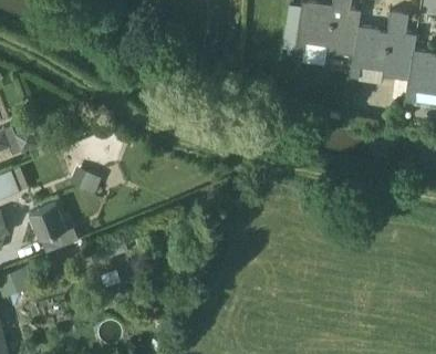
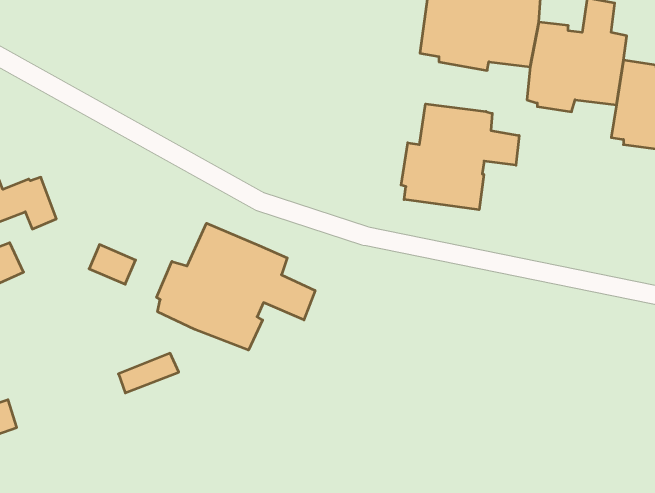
building: none -> [401,104,519,210]
building: none -> [157,223,315,350]
building: [29,205,79,253] -> none

